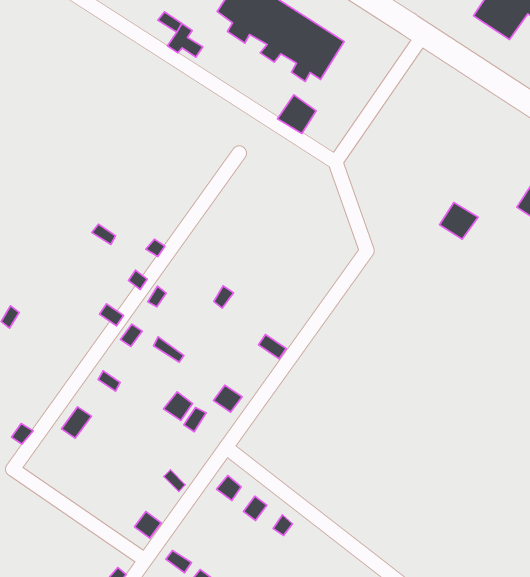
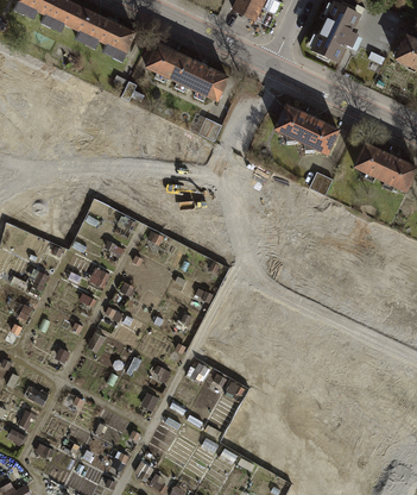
building: none -> [274,106,335,152]

